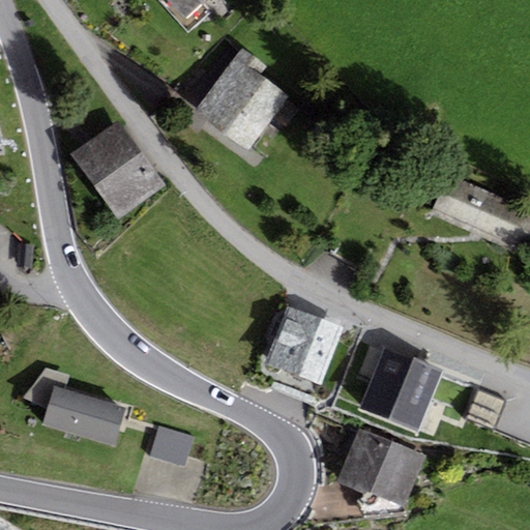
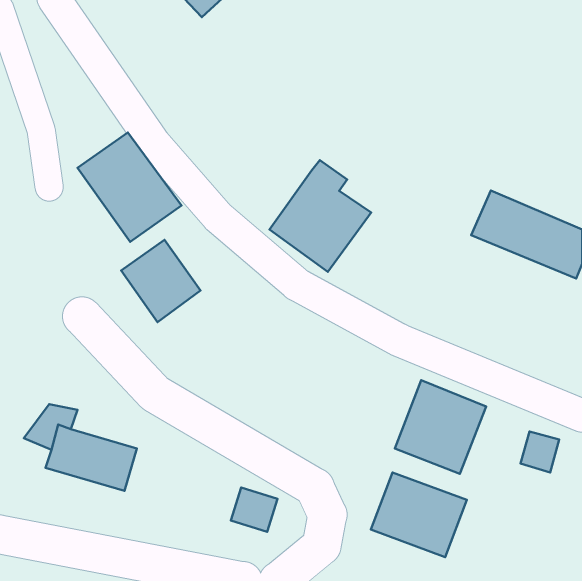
building: [196,48,288,149] -> [270,160,371,272]
building: none -> [121,240,201,322]
building: [265,305,342,384] -> none
building: [150,424,193,465] -> [231,487,278,532]

